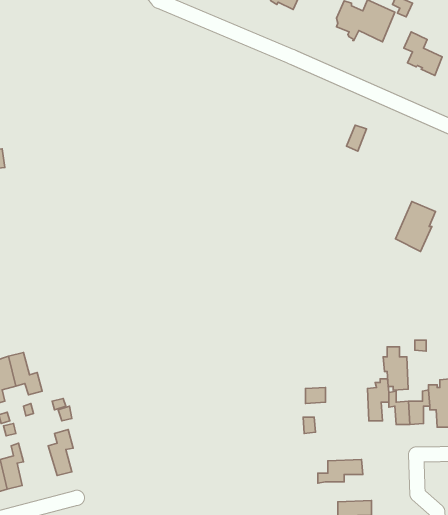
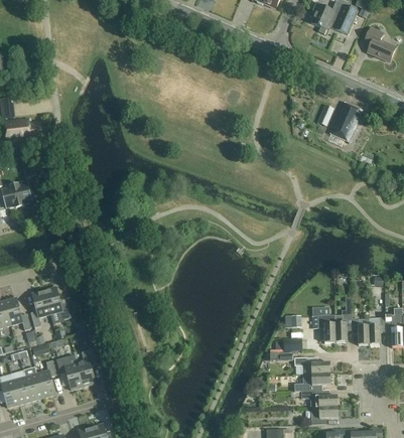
building: [396,202,435,251] -> [328,102,361,142]
building: [383,347,408,390] -> [315,307,335,342]
building: none -> [55,354,83,390]
building: none -> [293,356,329,374]
building: none -> [300,390,338,407]

